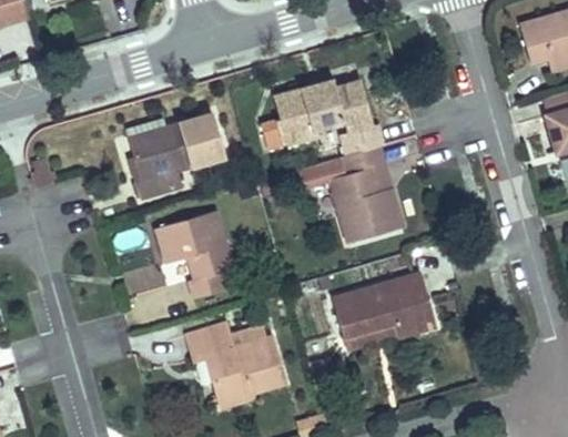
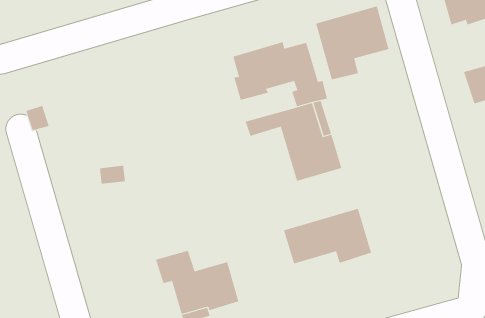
building: none -> [316,6,389,80]
building: [124,116,221,201] -> none
building: [153,213,229,298] -> none

